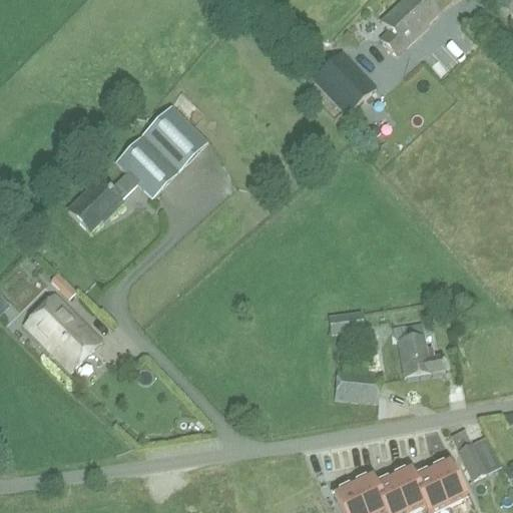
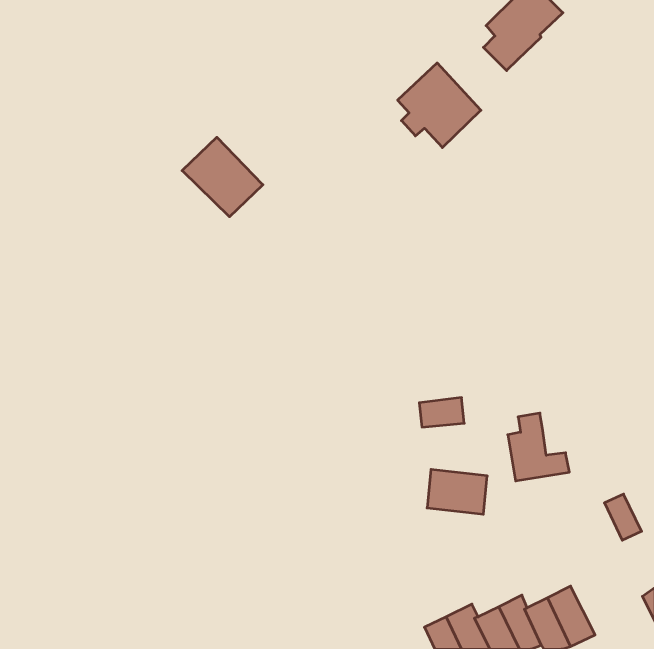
building: [68,133,180,230] -> none
building: [25,294,100,369] -> none
building: [458,443,487,479] -> [604,494,642,540]

